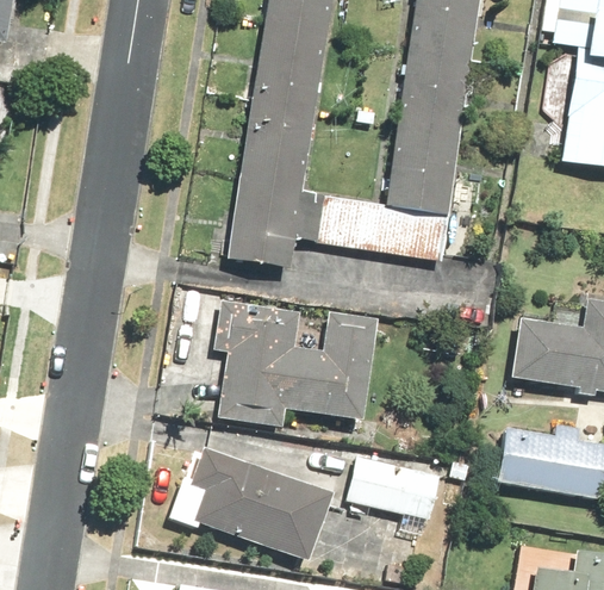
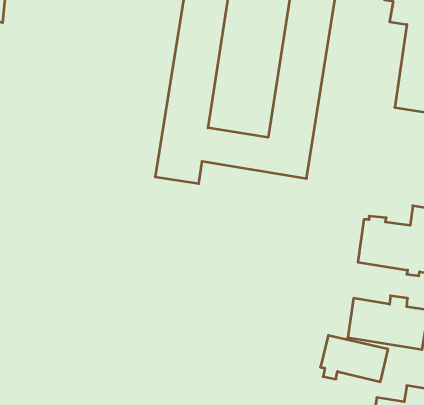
building: [214,299,376,427] -> none
building: [189,447,331,560] -> none
building: [347,455,441,520] -> [320,335,388,382]

